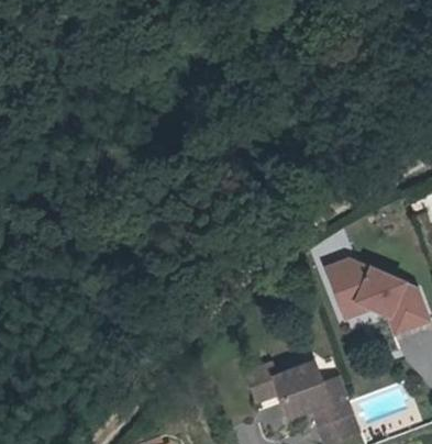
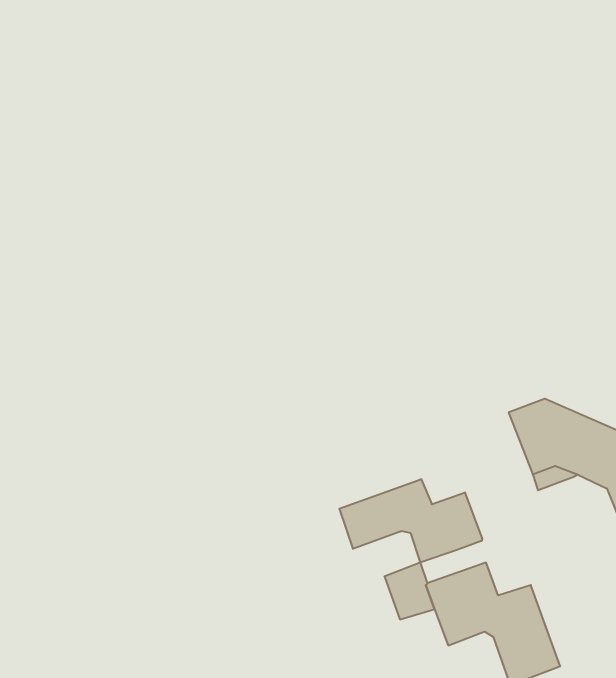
building: none -> [339,479,482,563]

